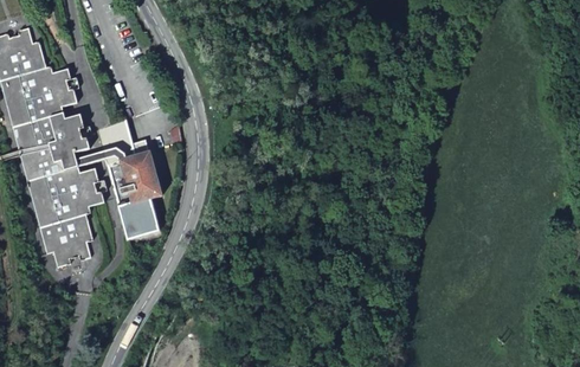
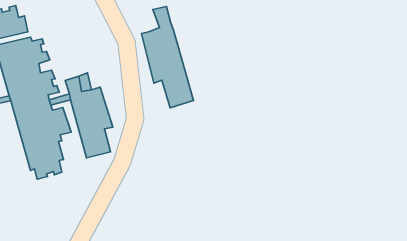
building: none -> [141,6,193,108]

